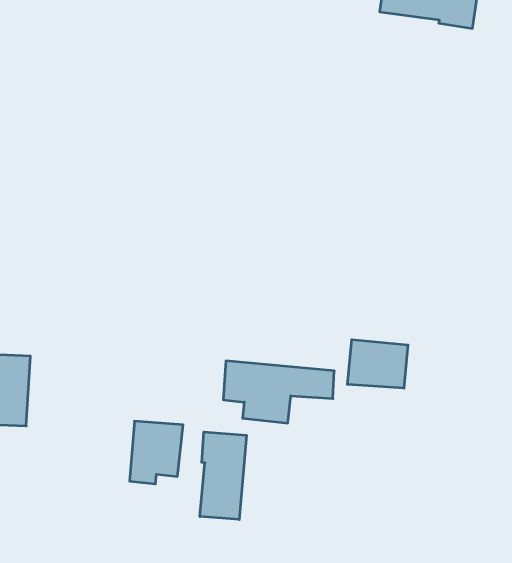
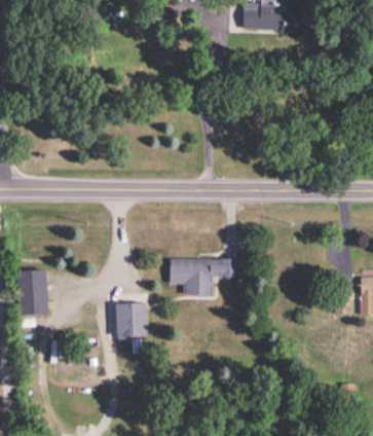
building: [347,340,408,388] -> none
building: [200,432,246,520] -> none

